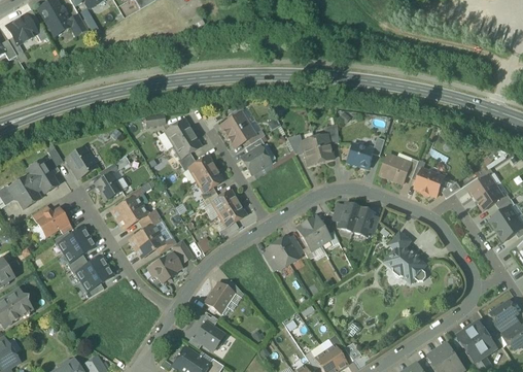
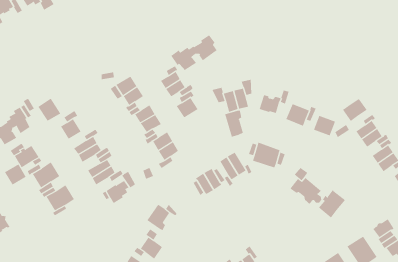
building: none -> [171,34,218,71]
building: none -> [342,98,368,122]
building: none -> [225,110,243,137]
building: none -> [4,163,27,185]
building: none -> [318,189,346,218]

